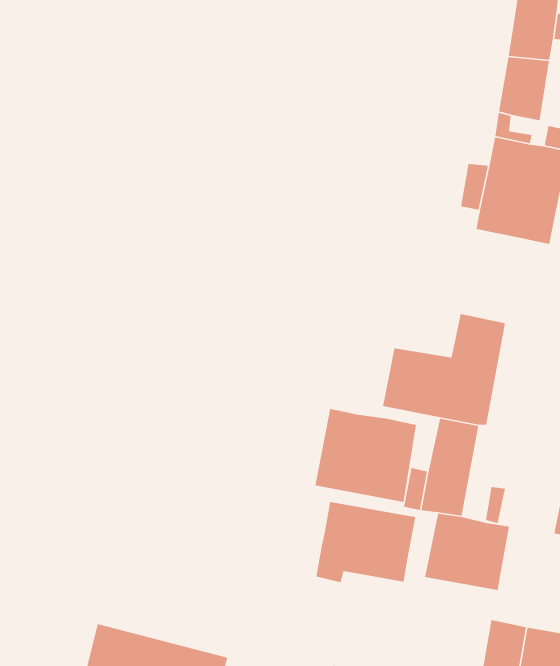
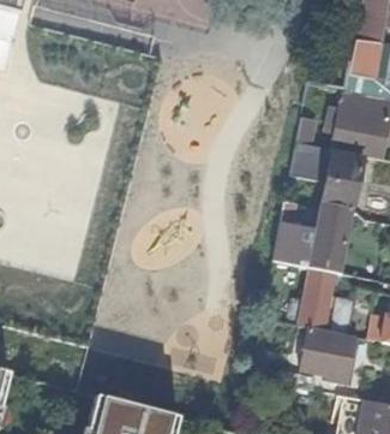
building: none -> [289,142,362,207]
building: [315,408,417,503] -> none
building: [315,501,416,583] -> none

